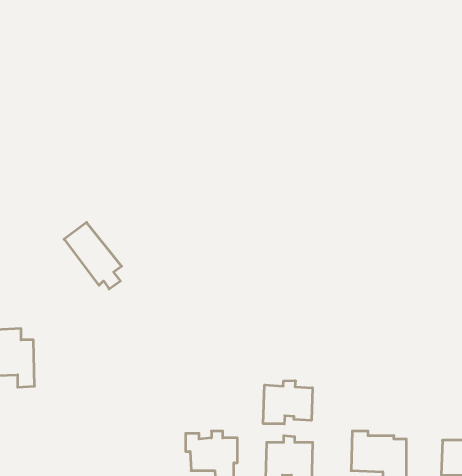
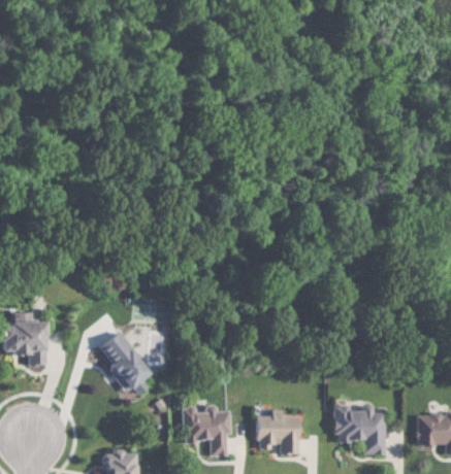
building: [64,222,122,289] -> [96,332,149,393]
building: [263,381,312,424] -> none

